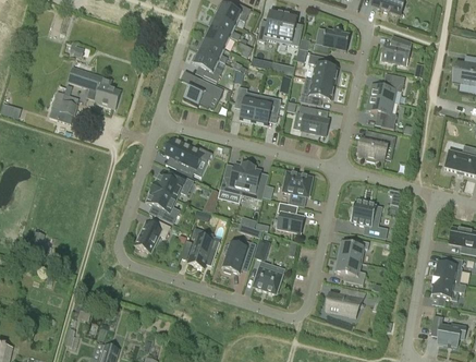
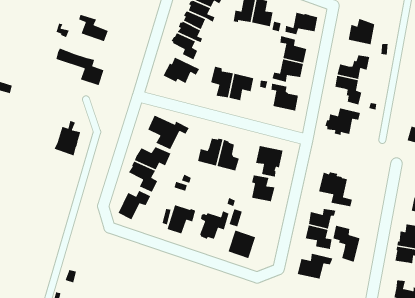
building: none -> [78,14,109,42]
building: [49,84,78,123] -> [54,120,81,156]
building: none -> [332,225,361,263]

